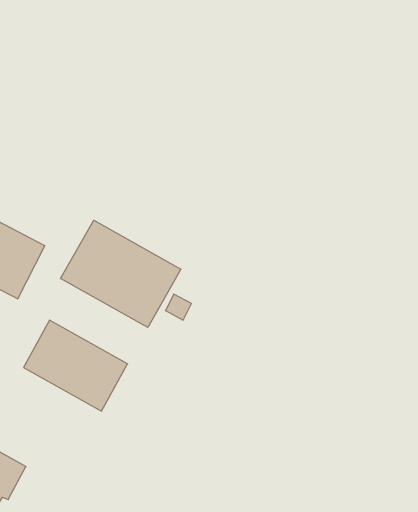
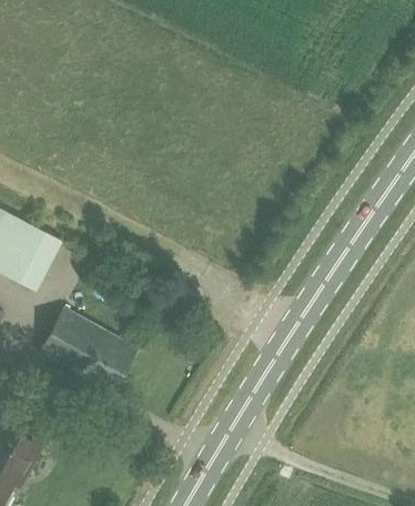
building: [61,220,181,327] -> none

